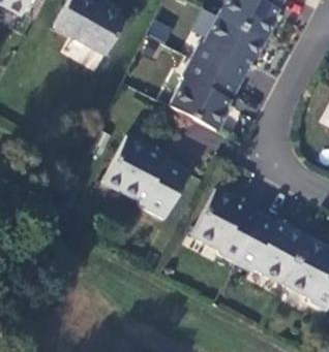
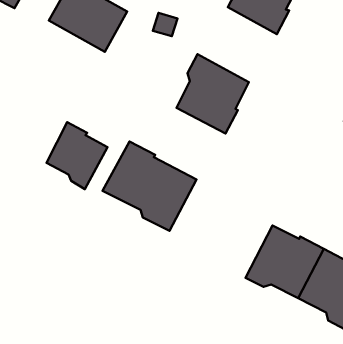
building: [191,14,265,84] -> none
building: none -> [47,122,108,189]
building: [192,190,261,264] -> none

